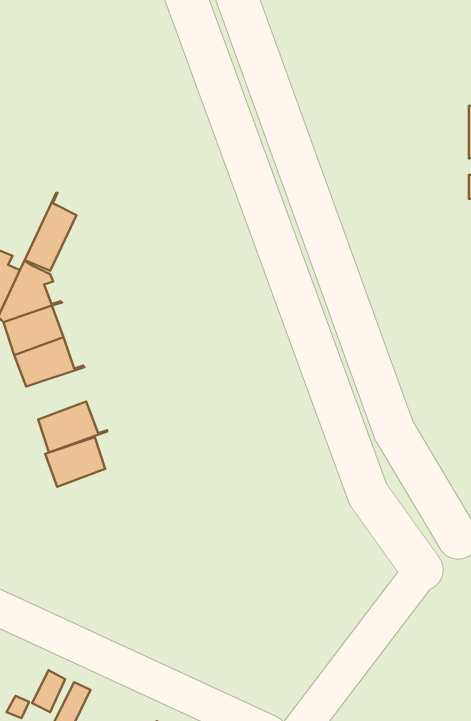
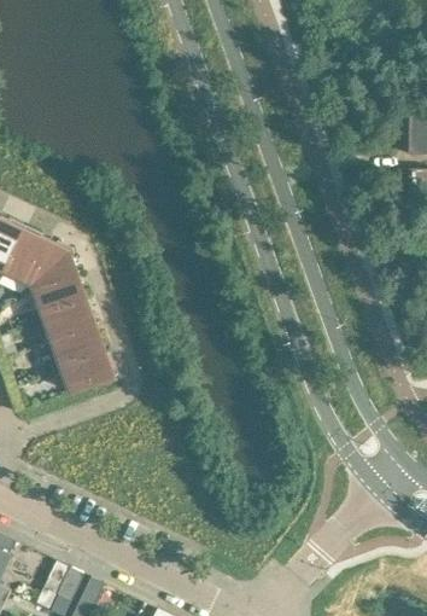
building: [25,193,77,271] -> none
building: [45,437,105,487] -> [53,326,101,366]

